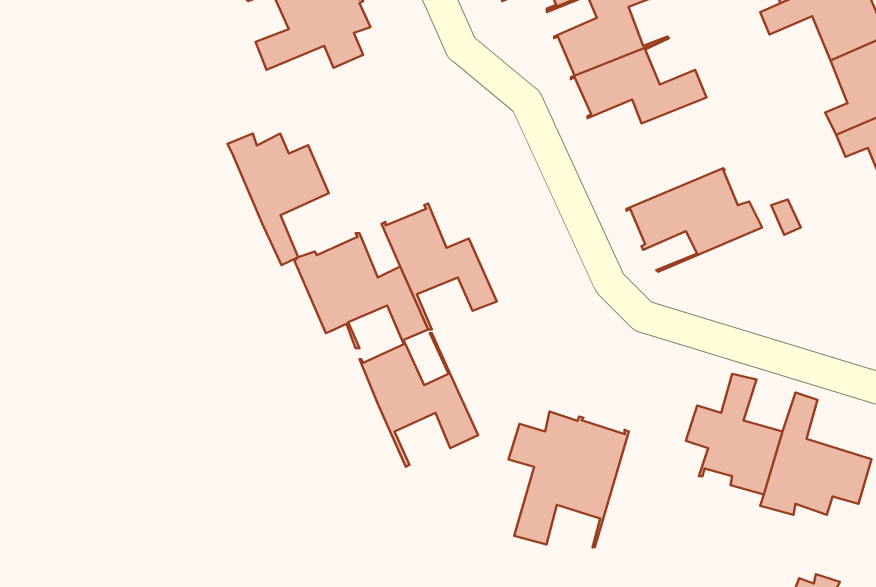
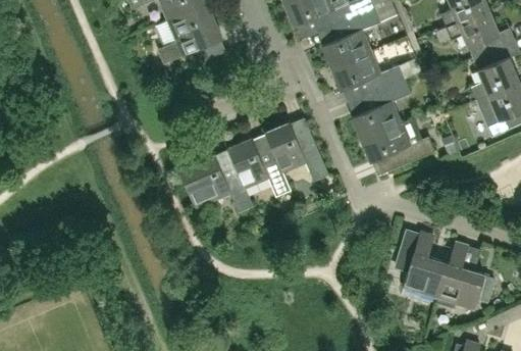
building: none -> [352,80,415,141]
building: [228,133,329,265] -> none
building: [359,333,478,467] -> [265,118,330,192]
building: [509,412,629,547] -> none

